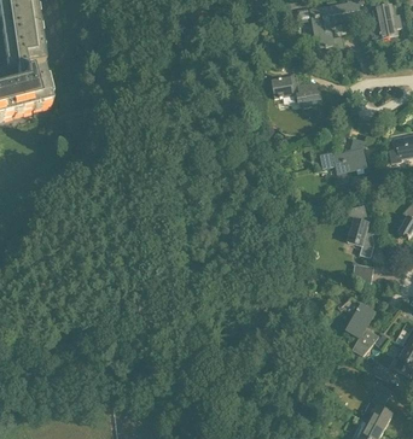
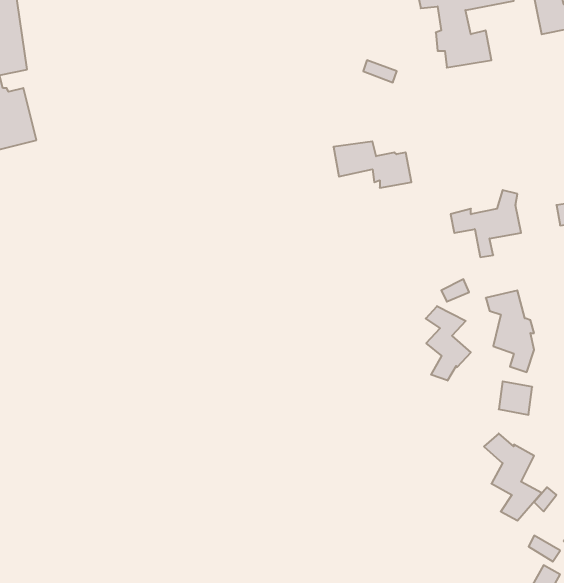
building: [271,75,321,105] -> [333,141,411,188]
building: none -> [426,306,471,381]

